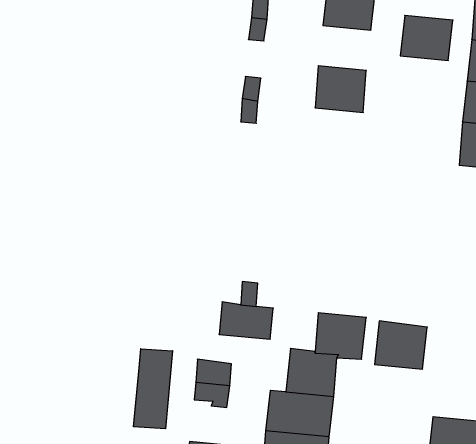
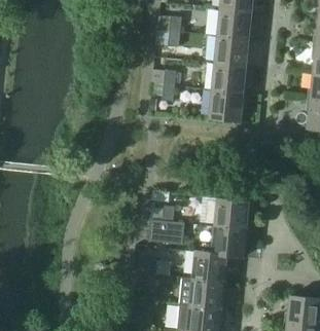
building: [400,15,453,60] -> [213,36,248,66]
building: none -> [208,90,243,121]
building: [375,321,427,369] -> [213,197,248,229]
building: [134,349,173,429] -> none

